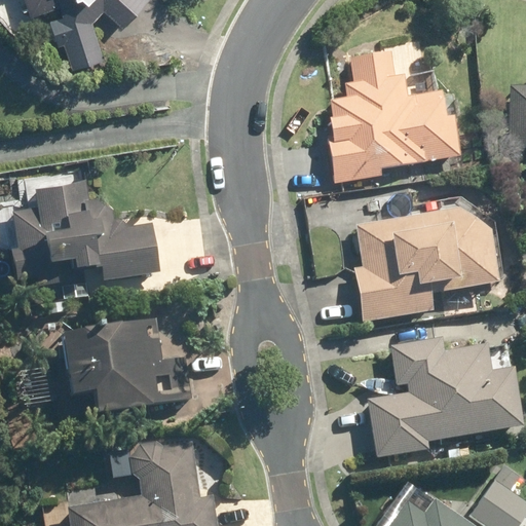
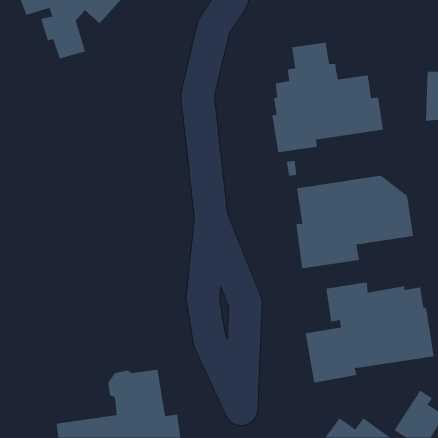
building: [11,177,157,285] -> none
building: [61,318,191,412] -> none

